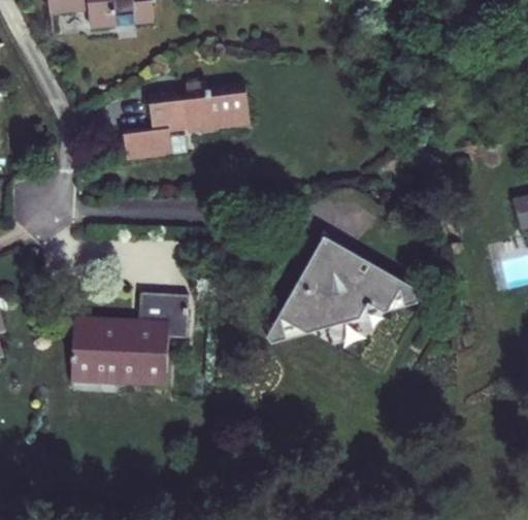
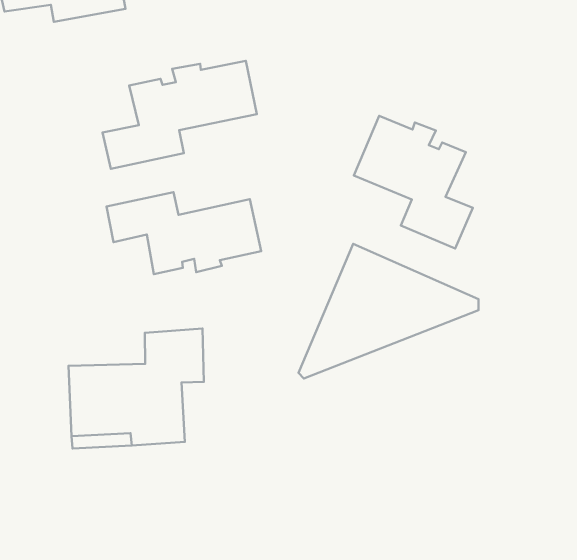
building: none -> [354,116,473,248]
building: none -> [107,192,261,274]

